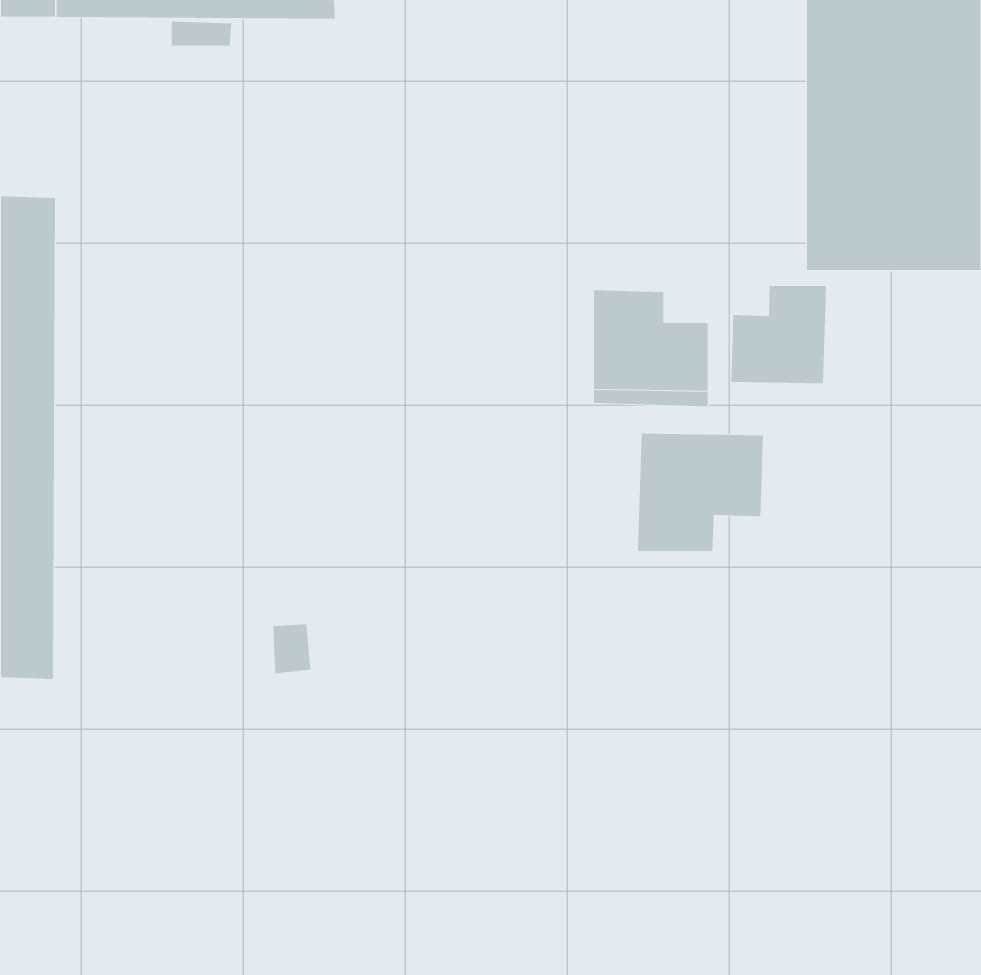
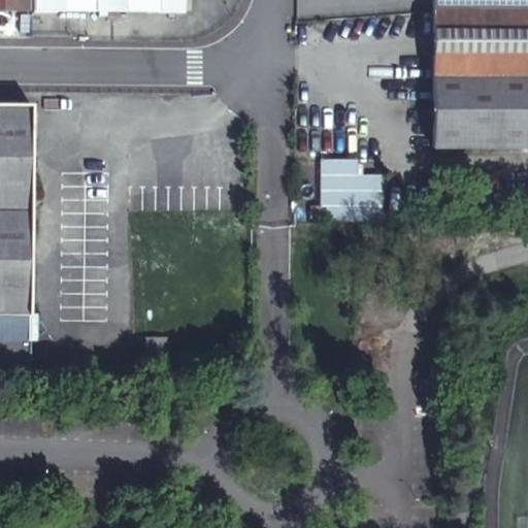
building: [731,285,827,384] -> none
building: [638,433,764,552] -> none

